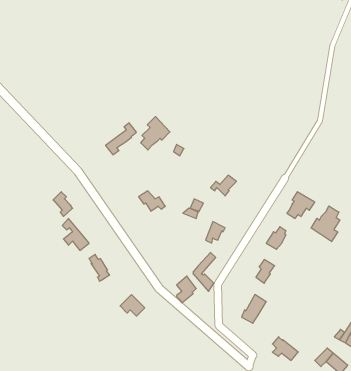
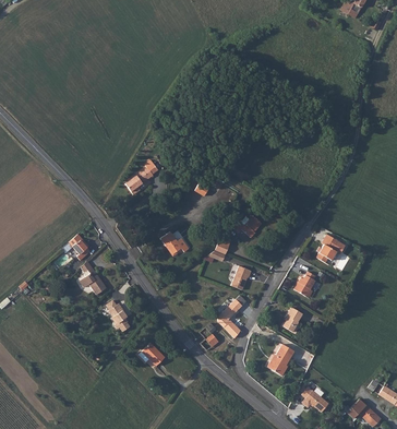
building: [141,117,170,150] -> none
building: [311,206,340,242] -> none

